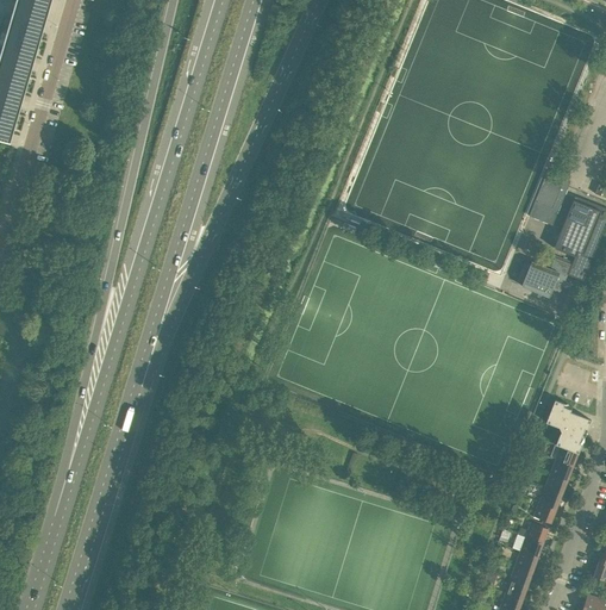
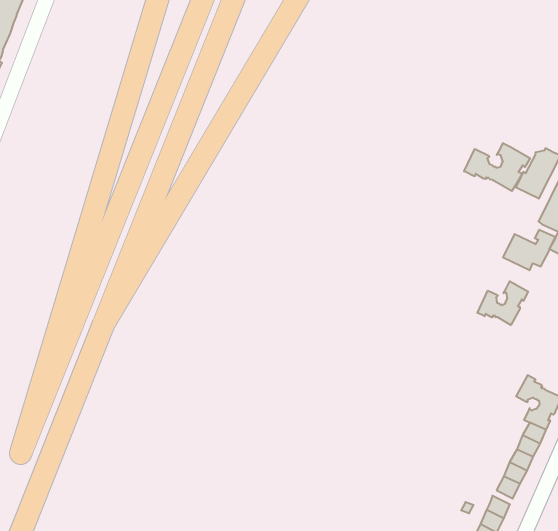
building: none -> [464,143,530,191]
building: none -> [477,281,528,325]

